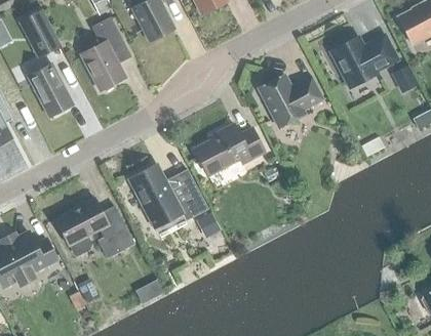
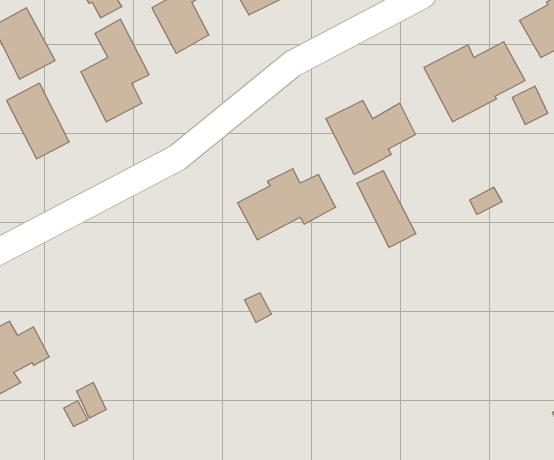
building: none -> [357,171,416,248]
building: [129,165,207,238] -> none
building: [54,197,134,258] -> none

